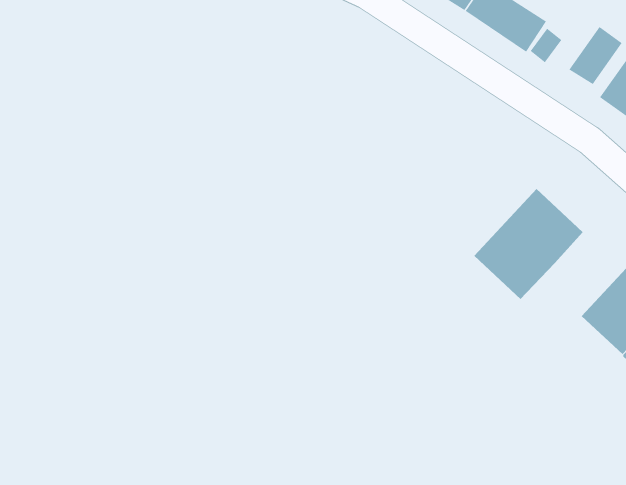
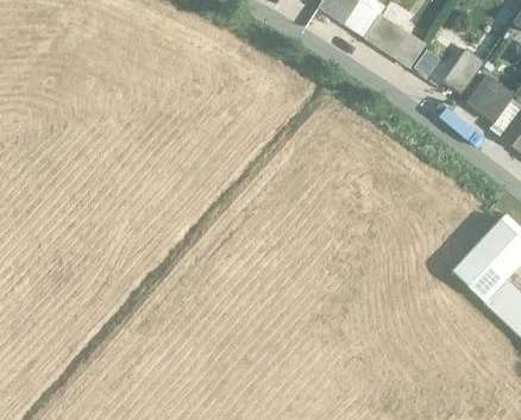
building: [473,188,584,300] -> none

